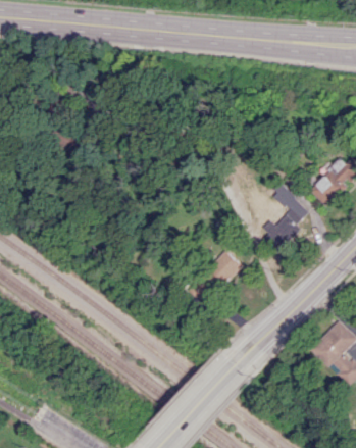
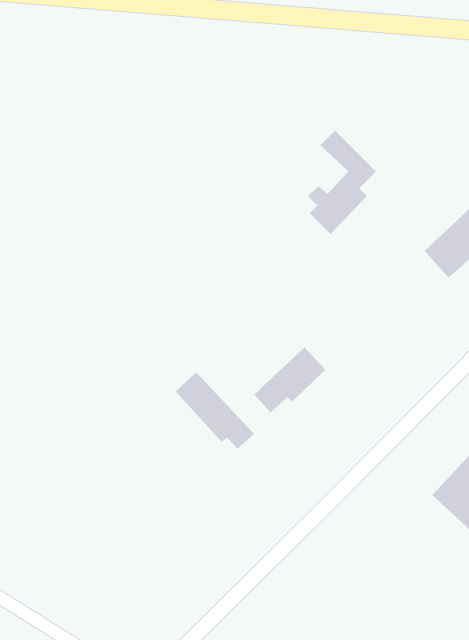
building: [261,183,307,252] -> [307,130,377,235]
building: none -> [175,371,255,449]

